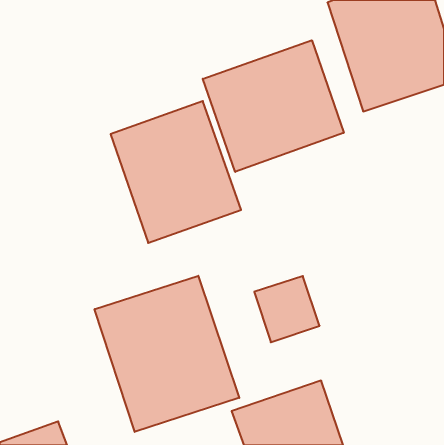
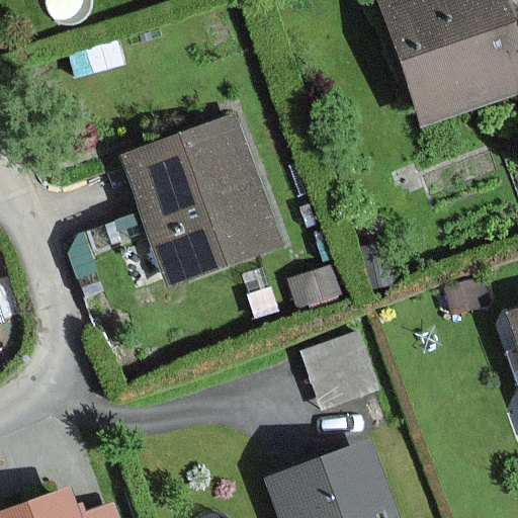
building: [203,40,344,172] -> none
building: [95,276,239,432] -> none

